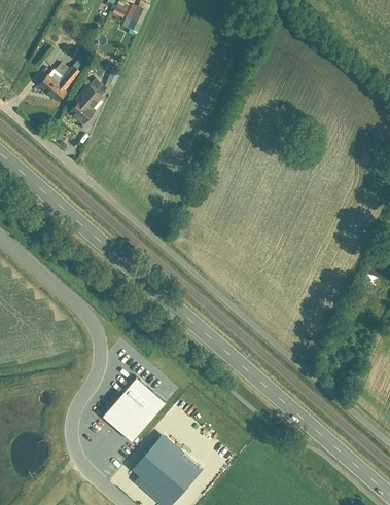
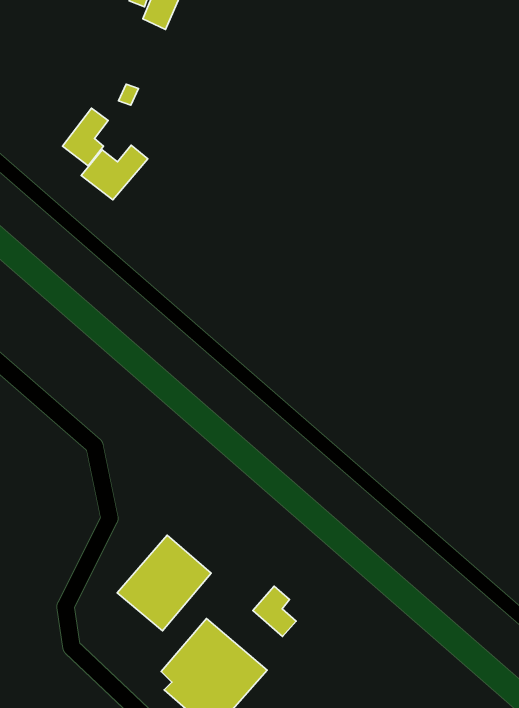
building: [35,66,80,103] -> [81,145,148,200]
building: none -> [253,586,296,636]

